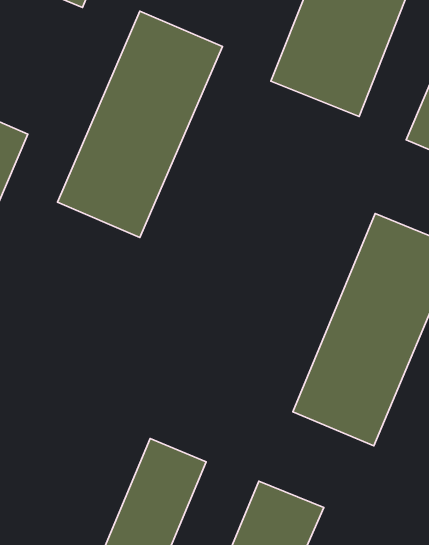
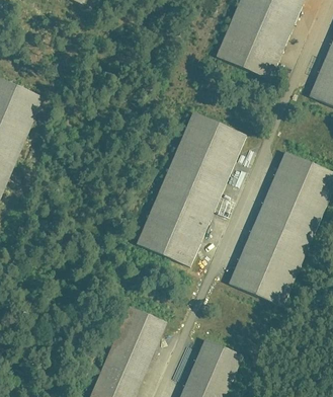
building: [58,11,222,238] -> [134,108,247,264]

